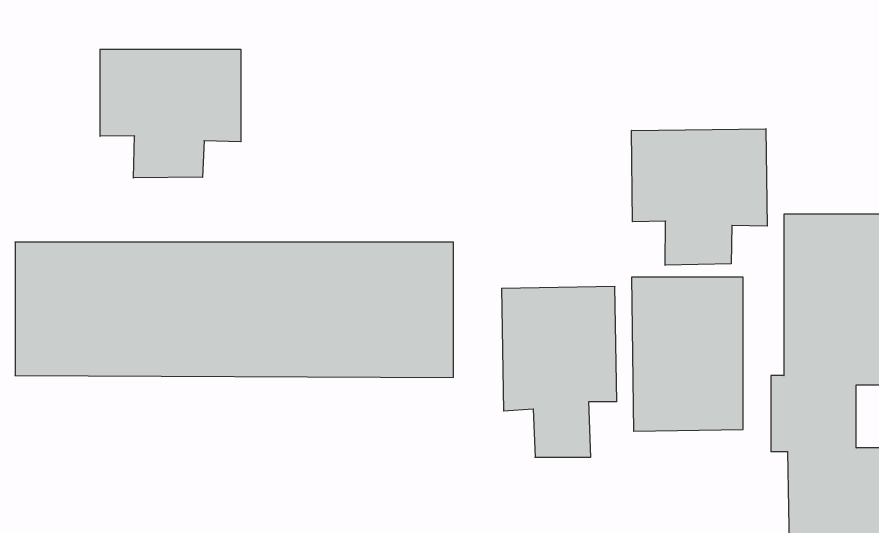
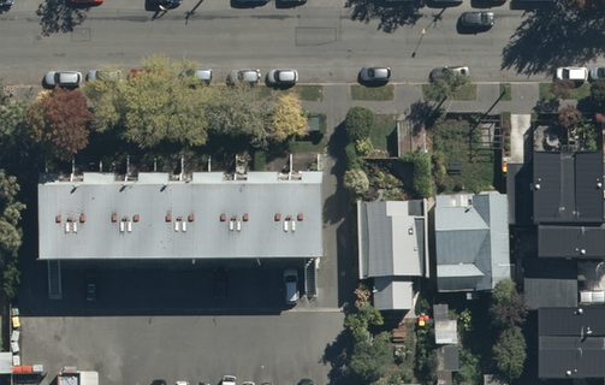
building: [100,49,241,178] -> none
building: [632,129,767,265] -> none

